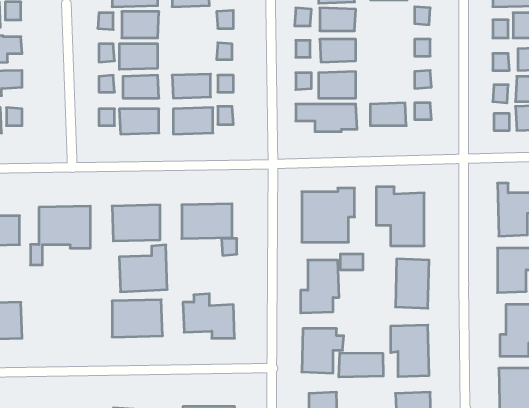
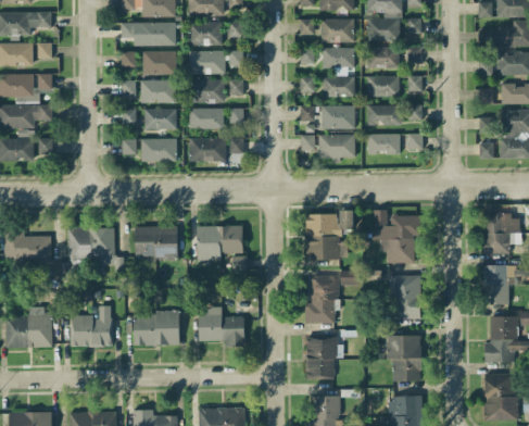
building: none -> [367,47,400,68]
building: none -> [189,51,226,74]
building: none -> [368,76,400,97]
building: none -> [190,79,225,103]
building: none -> [367,105,402,126]
building: [119,245,167,292] -> [70,305,113,348]
building: [339,353,383,377] -> none

